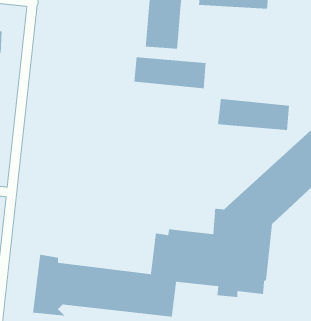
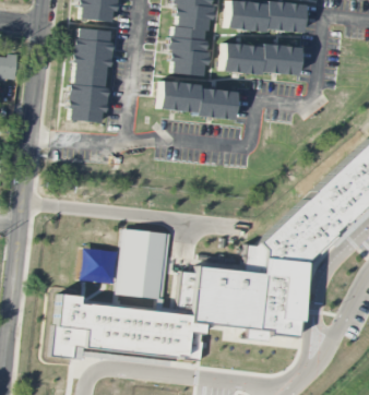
building: none -> [68,28,110,123]
building: [217,98,290,131] -> [221,41,298,76]
building: none -> [115,229,168,299]

